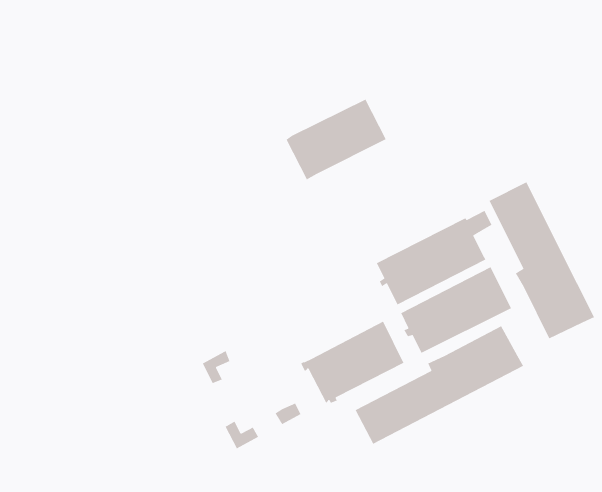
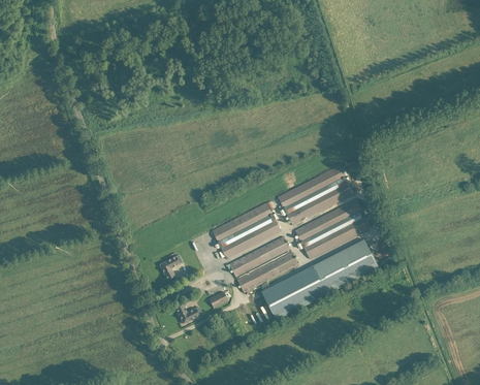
building: [285,99,387,180] -> [212,201,281,257]
building: [488,181,595,340] -> none

